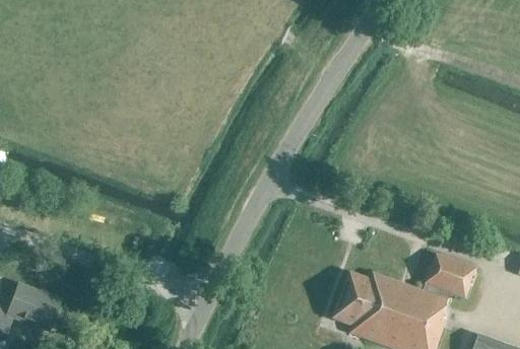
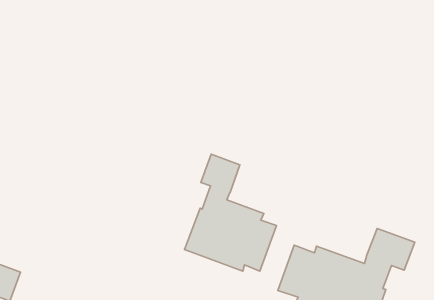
building: none -> [184,154,277,271]

